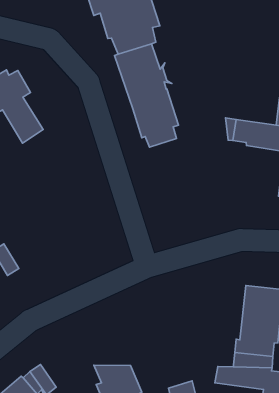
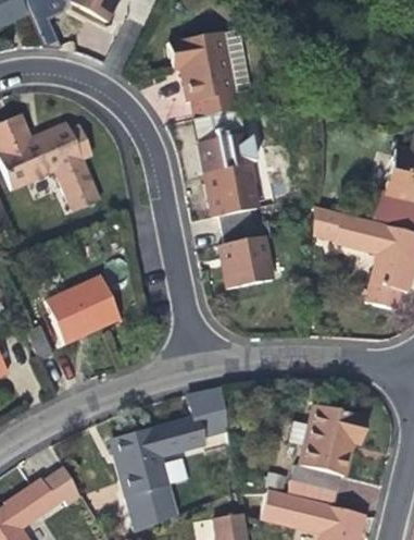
building: none -> [218,221,273,290]
building: none -> [43,272,118,342]
building: none -> [116,392,227,481]

